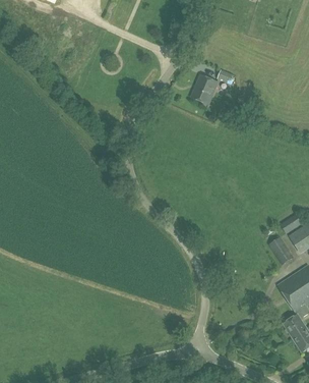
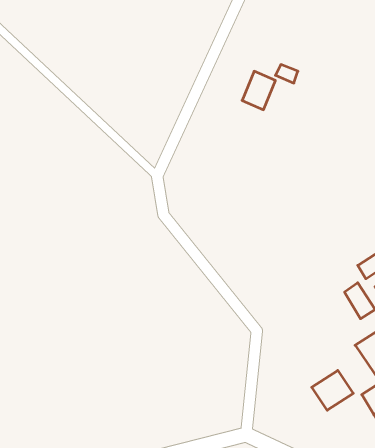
building: none -> [312,370,353,410]

